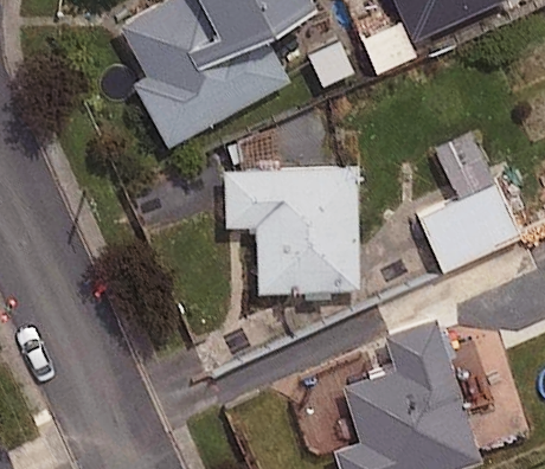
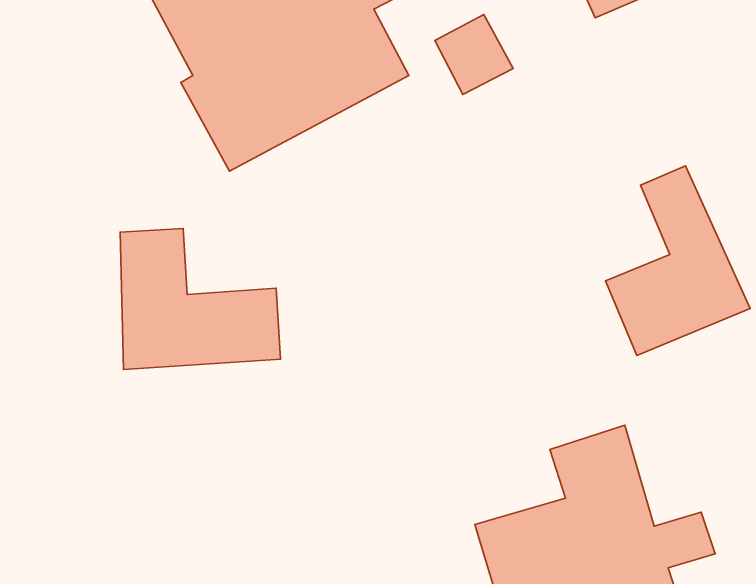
building: [224,167,361,296] -> none
building: none -> [120,228,281,369]

